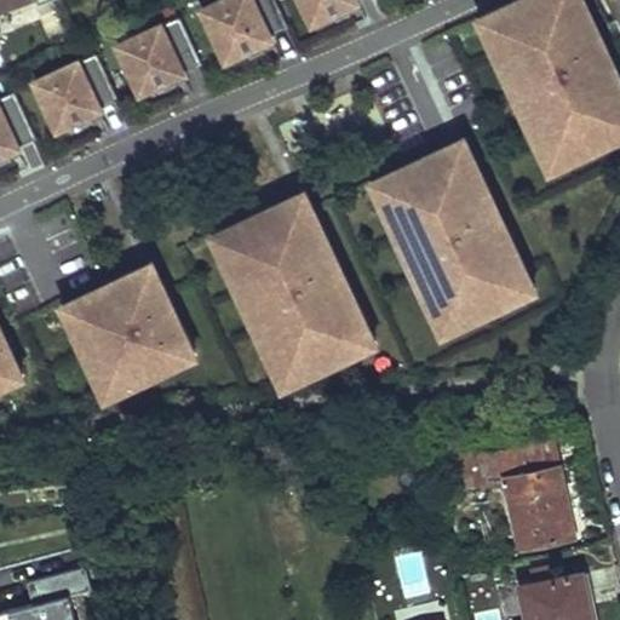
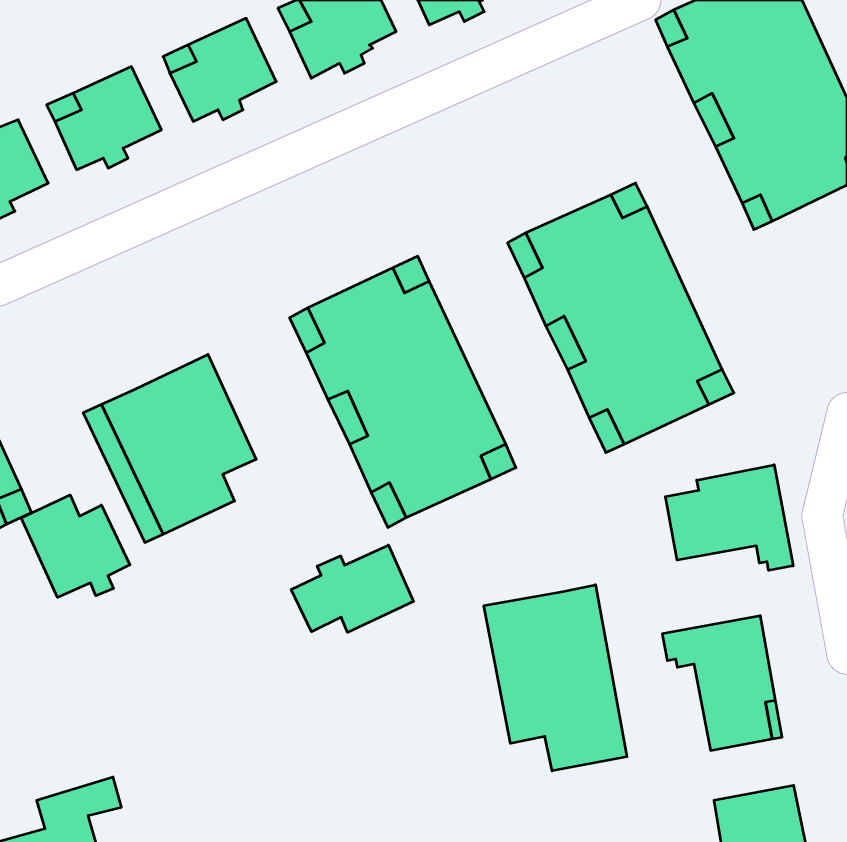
building: none -> [665,465,793,570]
building: none -> [21,495,130,597]
building: none -> [291,545,414,632]
building: none -> [484,585,627,771]

